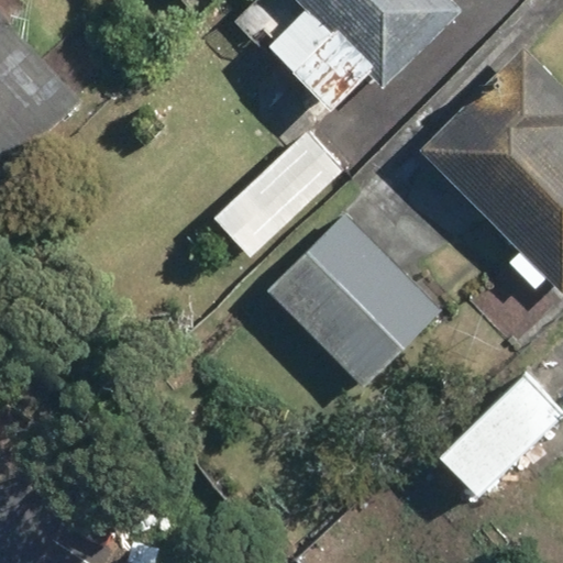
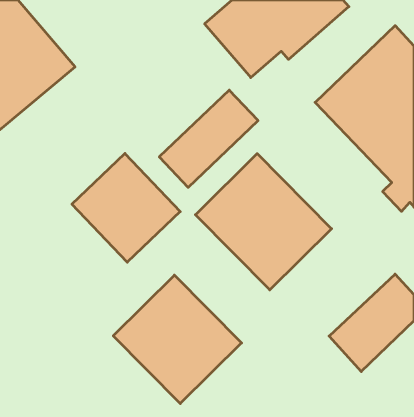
building: none -> [72,153,180,262]
building: none -> [113,275,242,404]

